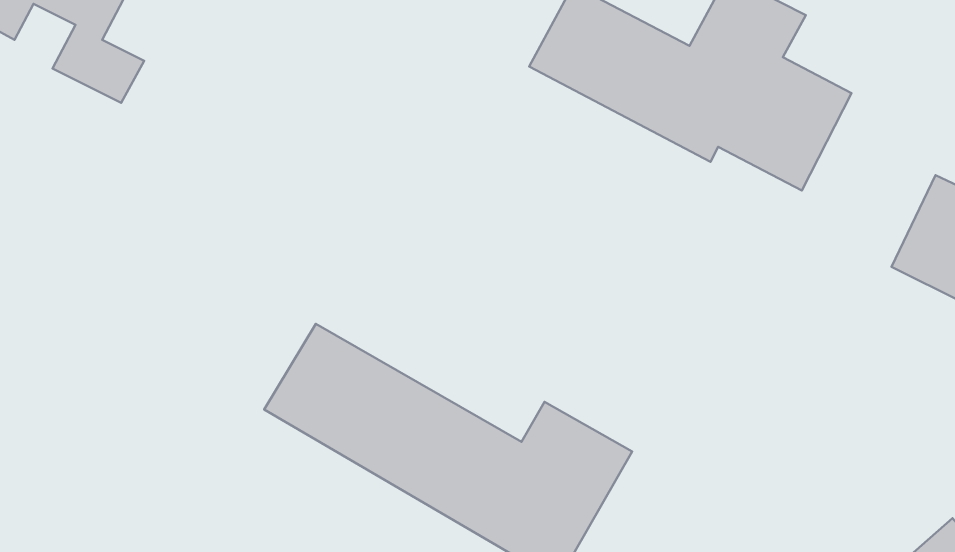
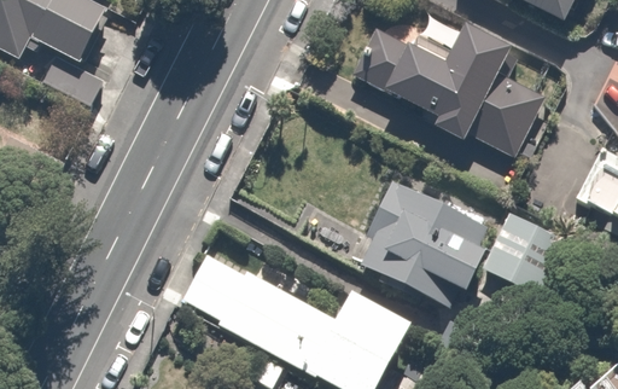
building: none -> [350,167,567,313]

